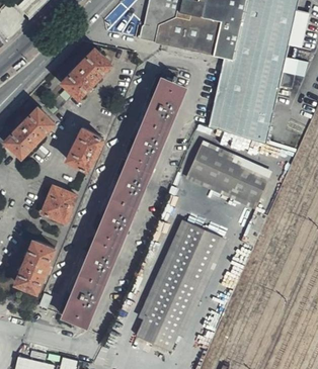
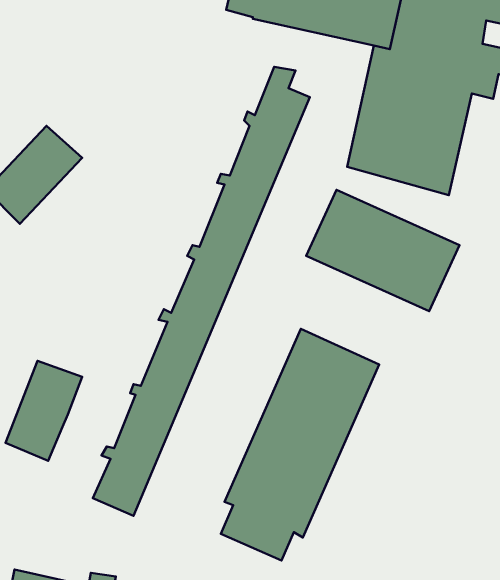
building: [58,47,113,101] -> none
building: [64,126,105,174] -> none
building: [39,184,78,225] -> none

